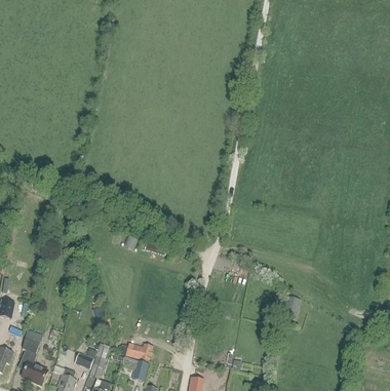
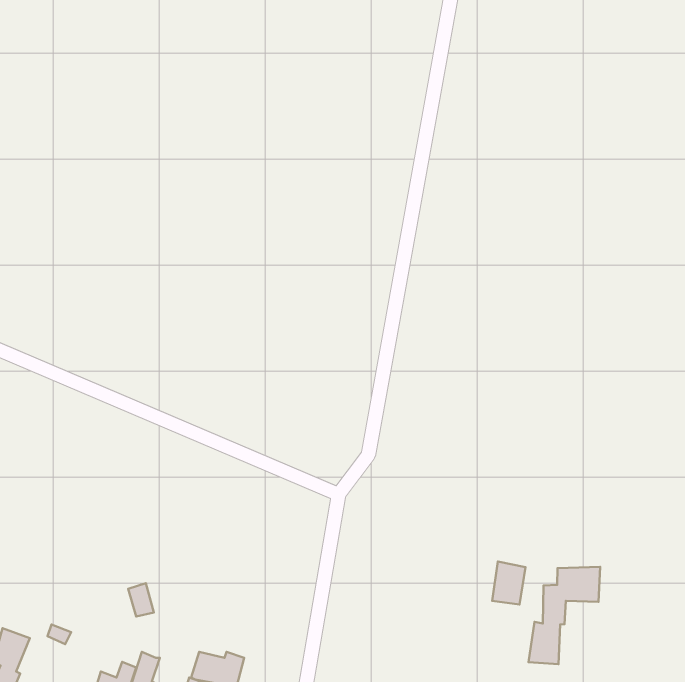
building: none -> [529,567,600,664]

